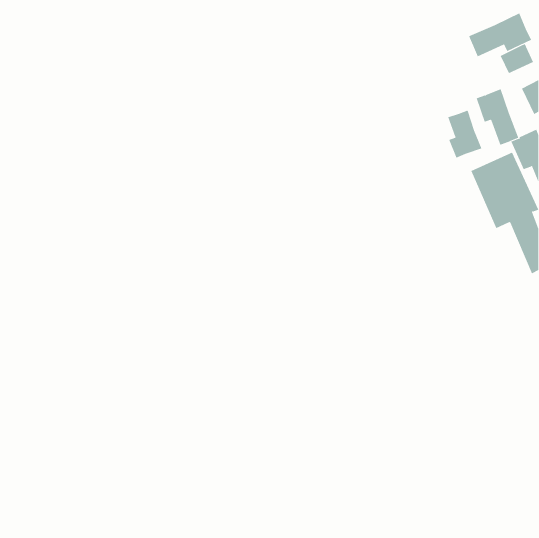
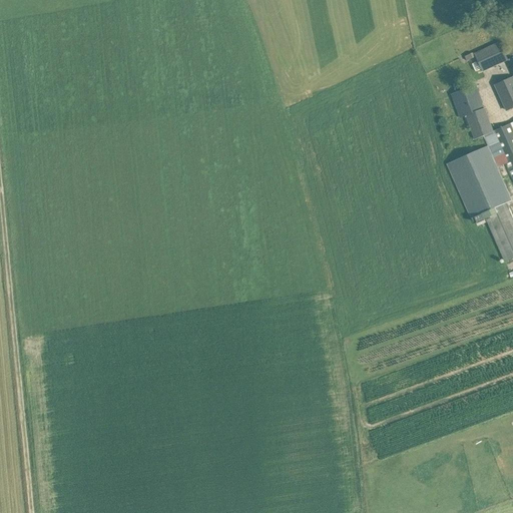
building: [468,12,532,57] -> none
building: [448,110,482,158] -> none

